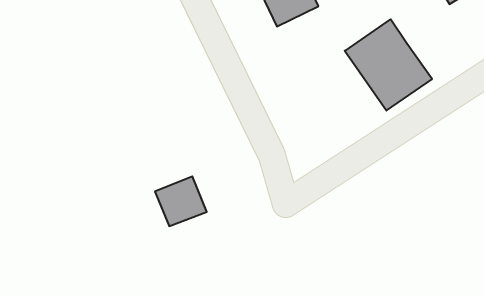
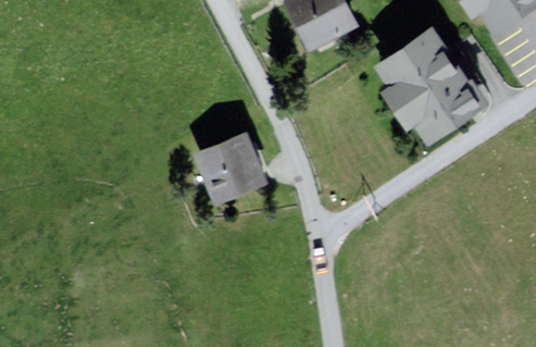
building: [155,176,207,226] -> [202,145,258,198]

